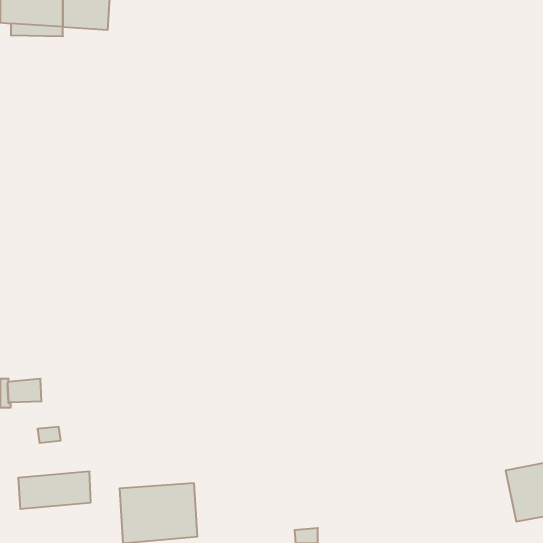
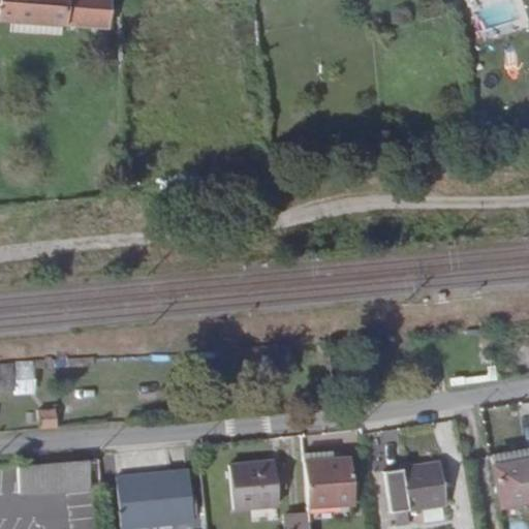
building: none -> [306,459,361,505]
building: none -> [230,463,284,508]
building: none -> [387,464,444,511]

